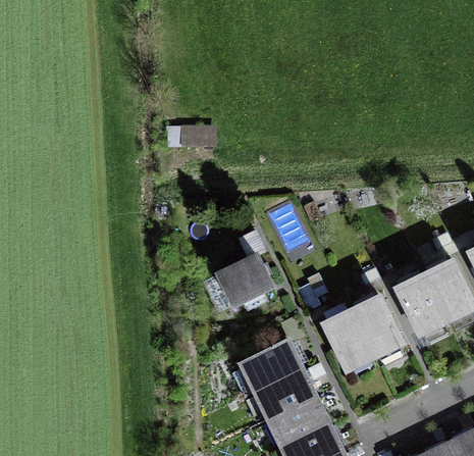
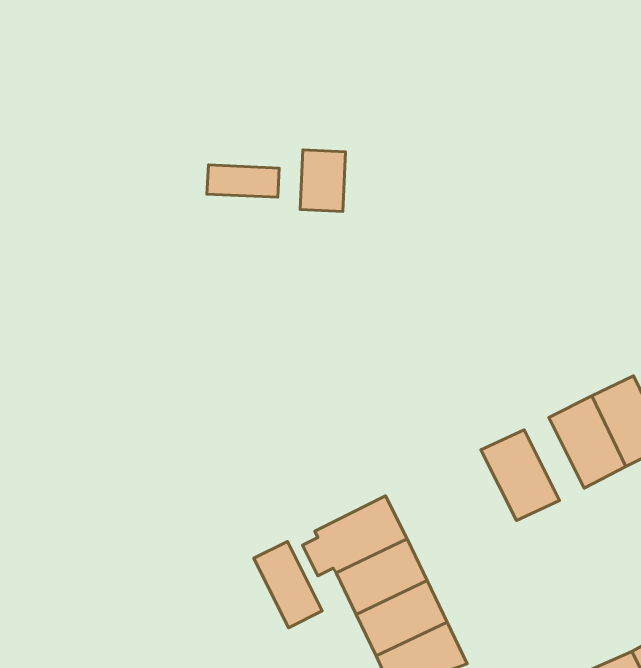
building: none -> [300,150,345,212]
building: [217,255,270,305] -> none
building: [322,309,373,370] -> none
building: none -> [254,542,322,628]

